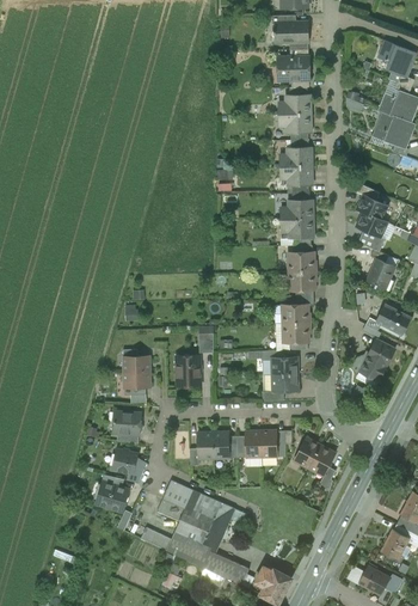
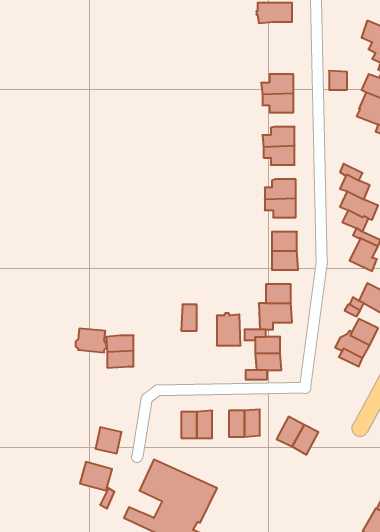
building: [278,56,309,81] -> none
building: [177,354,201,386] -> [217,313,241,345]
building: [111,411,142,435] -> [76,329,107,352]

